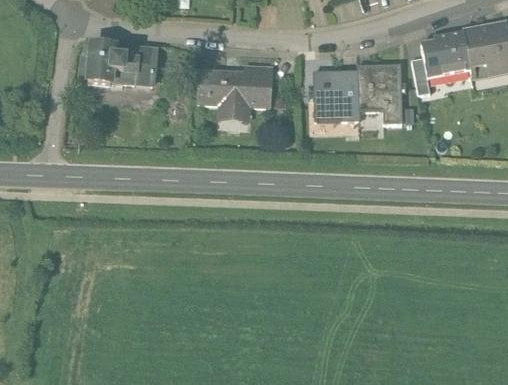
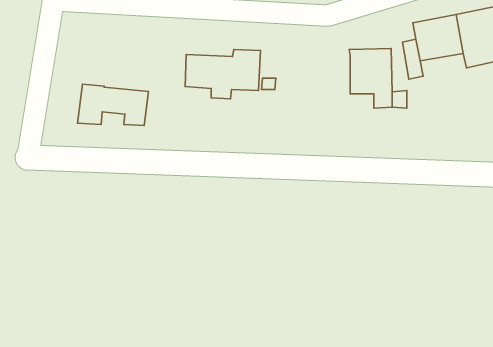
building: [88,40,157,80] -> [77,84,148,125]
building: [314,70,359,118] -> none

